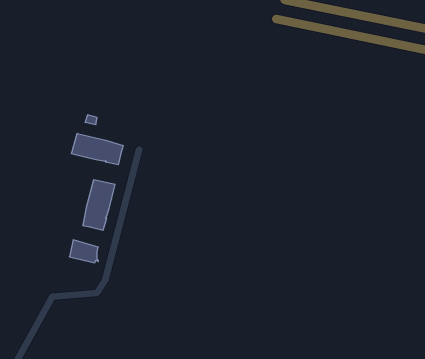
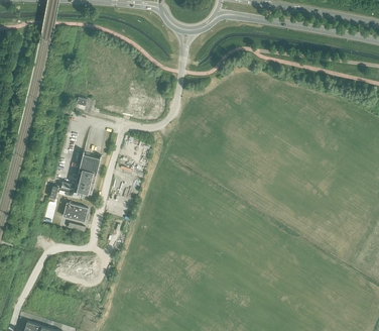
building: [72,133,123,165] -> none

